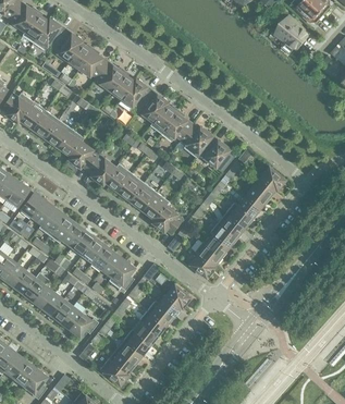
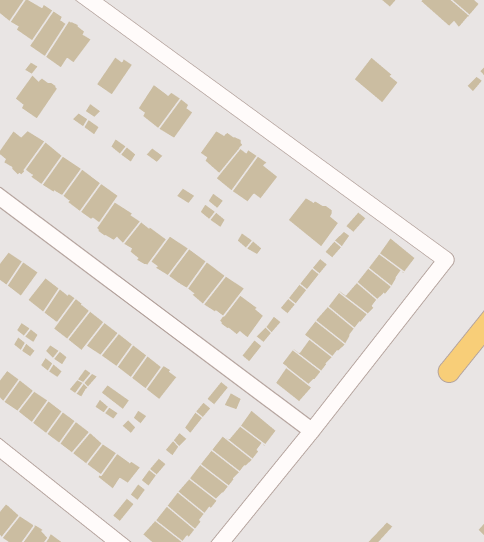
building: [275,16,306,48] -> [354,57,398,103]
building: [52,30,82,61] -> [15,75,58,119]
building: [78,48,107,77] -> none
building: [118,78,149,111] -> none
building: [180,124,211,157] -> none
building: [108,259,135,290] -> none

